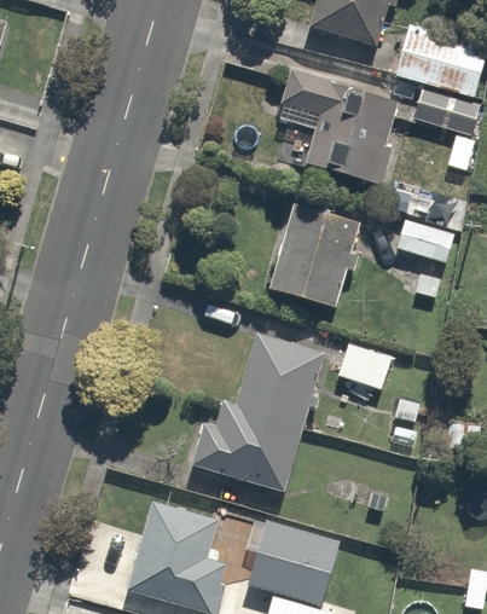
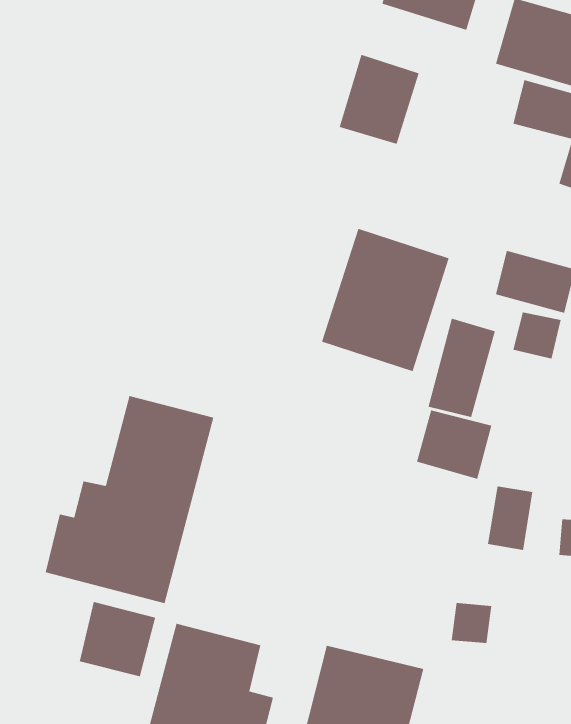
building: [321,91,402,189] -> none
building: none -> [428,318,496,418]
building: [191,334,320,493] -> [45,395,214,604]
building: none -> [79,601,156,677]

